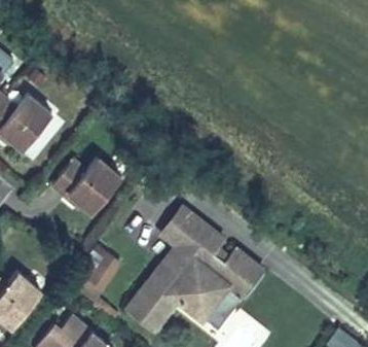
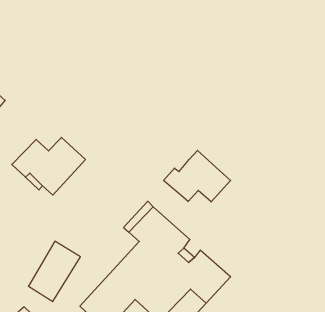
building: none -> [164,150,231,202]

